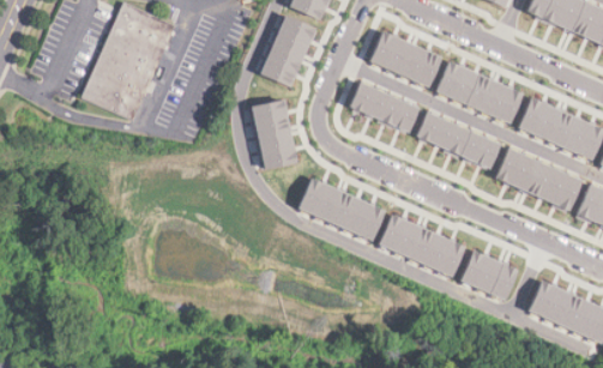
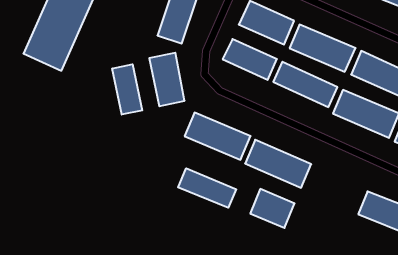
building: none -> [112,64,142,115]
building: [459,249,518,301] -> [250,189,295,228]
building: none -> [178,168,236,208]

